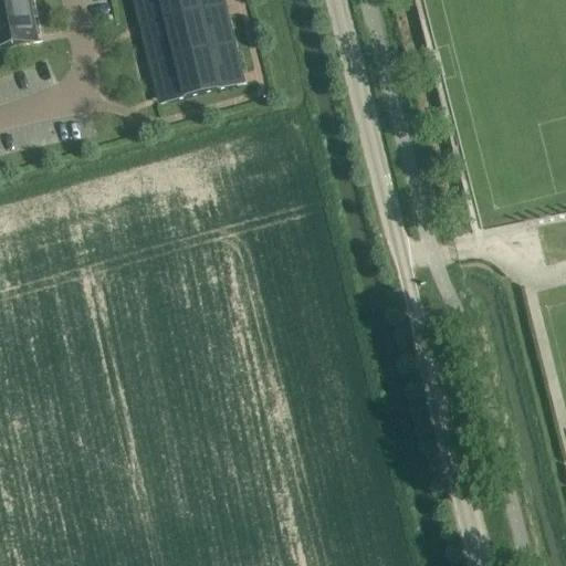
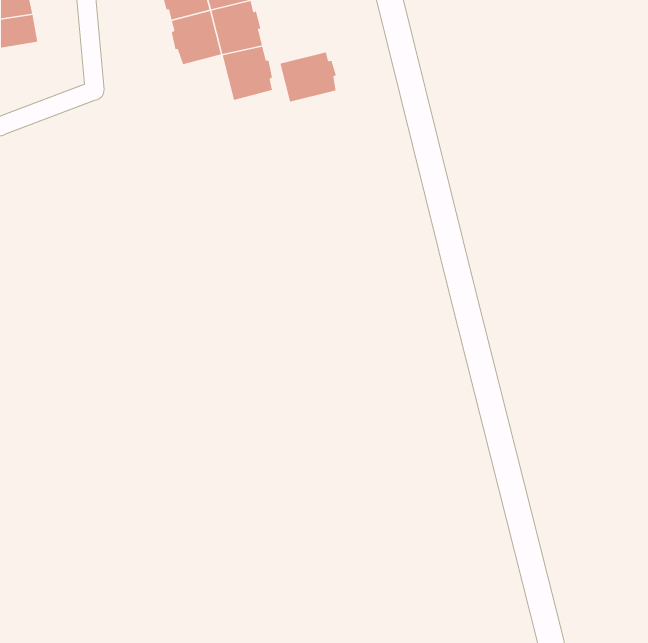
building: none -> [280,52,337,103]
building: [161,48,206,96] -> none

